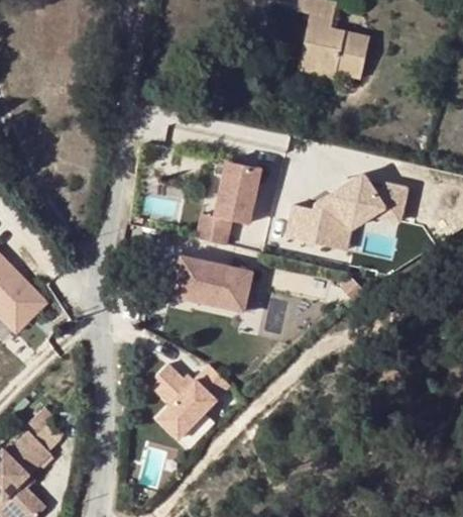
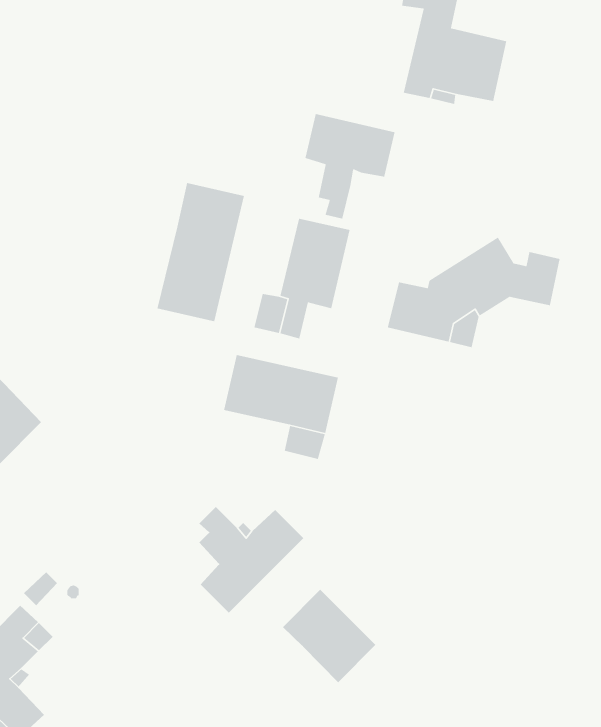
building: none -> [304,113,395,220]
building: none -> [157,182,245,322]
building: none -> [282,589,376,683]

